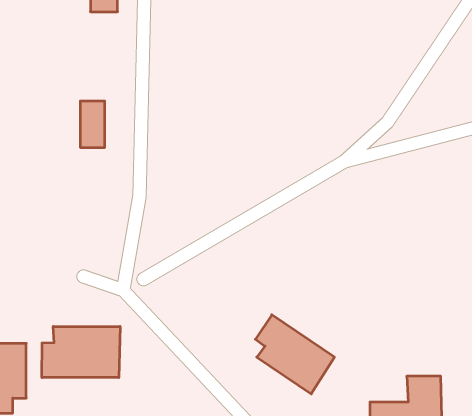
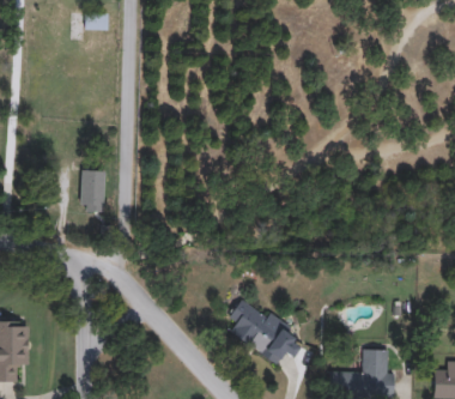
building: [80,101,105,147] -> [81,171,103,212]
building: [42,326,120,378] -> none

